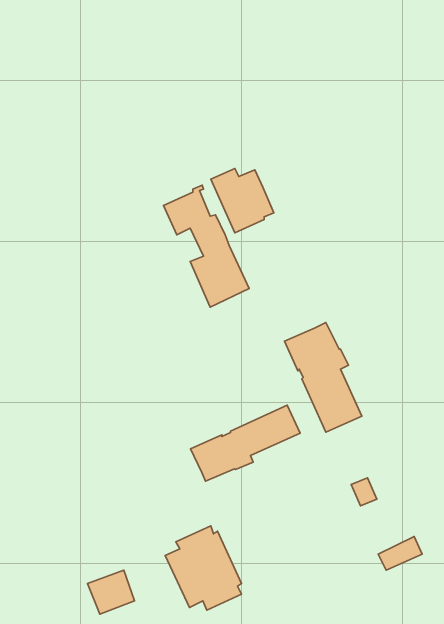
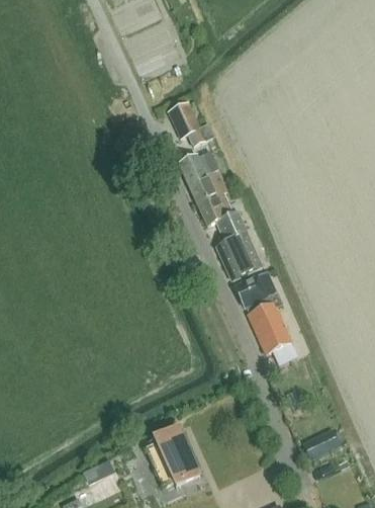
building: none -> [169,101,214,146]
building: [163,185,249,307] -> [196,187,261,279]
building: [191,405,300,481] -> none

